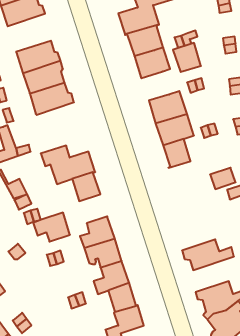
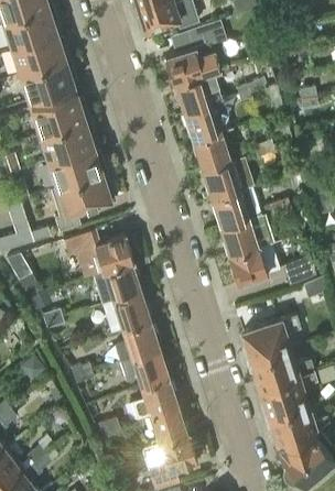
building: none -> [20,57,74,101]
building: [173,43,201,72] -> [193,132,229,170]
building: none -> [50,172,115,230]
building: none -> [228,243,279,283]
building: [33,213,70,242] -> [101,291,149,328]
building: none -> [241,315,300,363]
building: none -> [260,371,316,417]

